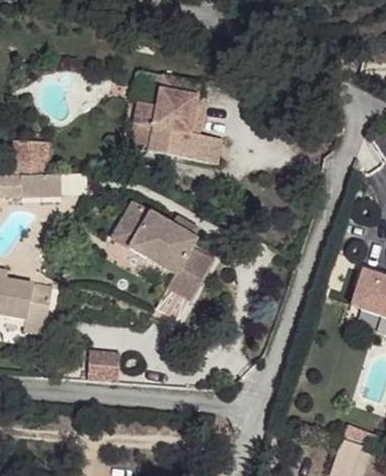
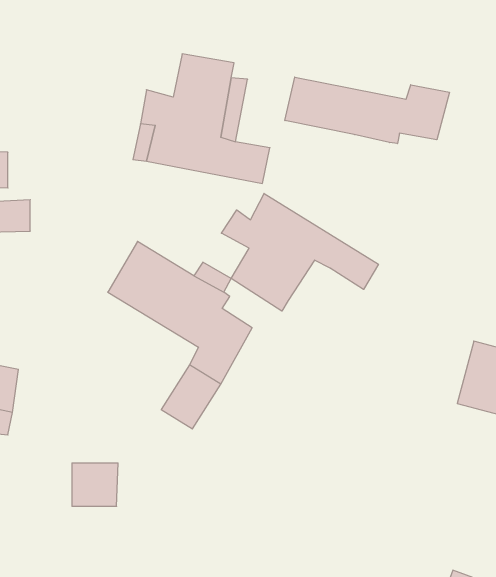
building: none -> [285,77,449,144]
building: none -> [221,193,378,311]

